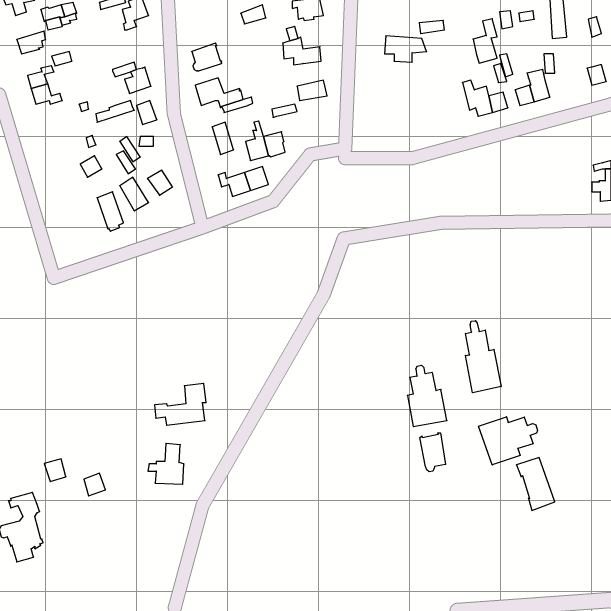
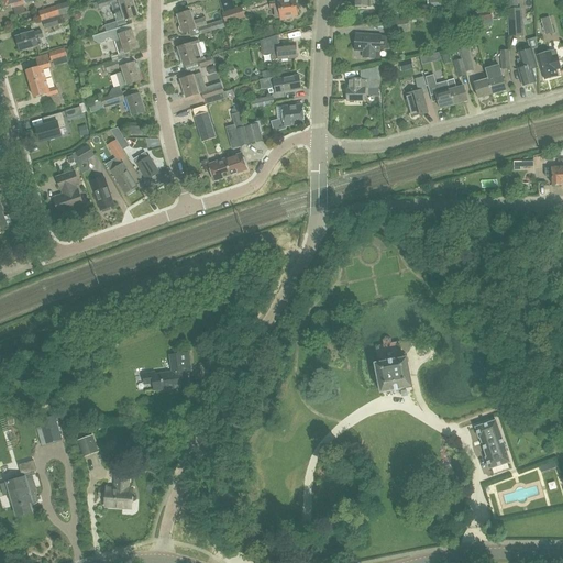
building: none -> [176,10,219,36]
building: [473,19,497,63] -> [405,75,427,115]
building: none -> [91,27,136,54]
building: none -> [516,48,536,85]
building: none -> [345,64,379,99]
building: none -> [269,103,302,131]
building: none -> [34,111,66,141]
building: none -> [52,170,82,214]
building: [465,321,501,393] -> none
building: [479,417,538,465] -> none
building: [420,433,446,472] -> none
building: [148,443,184,484] -> [98,470,131,507]

